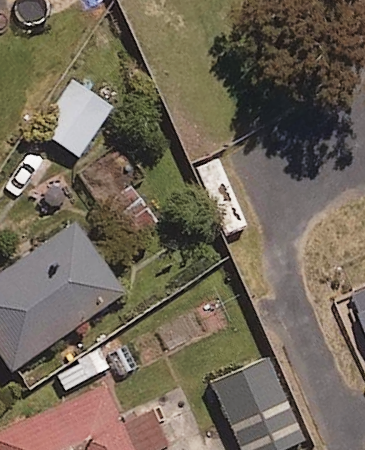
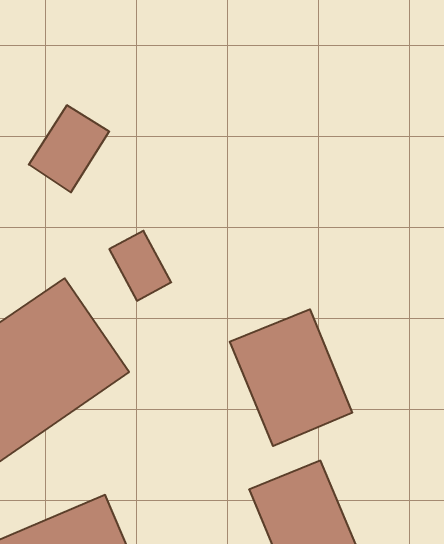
building: none -> [230,309,352,446]

